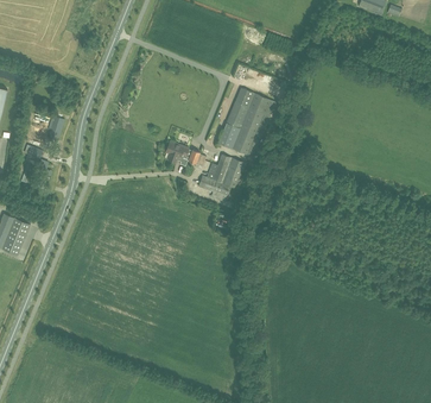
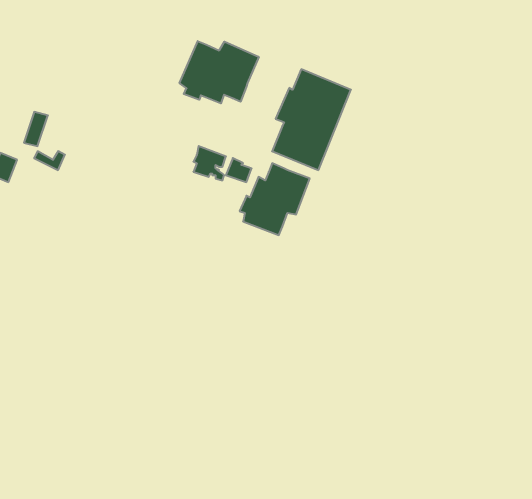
building: none -> [180,41,259,103]

